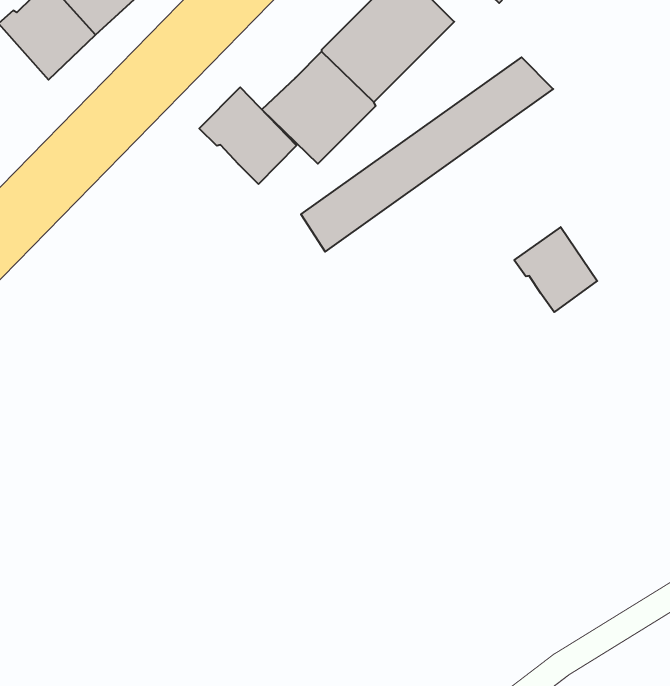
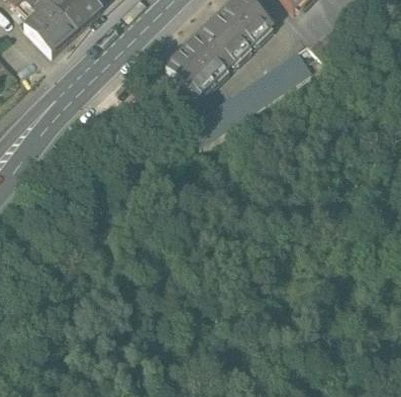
building: [199,87,296,184] -> none
building: [514,227,597,312] -> none

